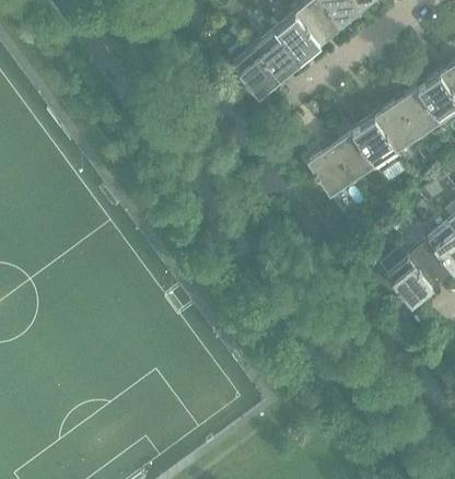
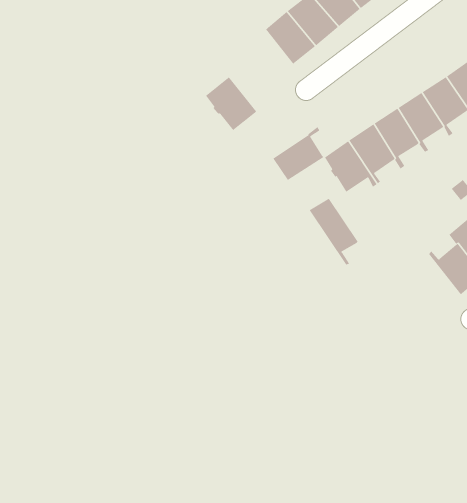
building: [233,47,280,96] -> [205,77,257,131]
building: none -> [273,126,324,181]
building: none -> [309,198,358,266]
building: [387,250,432,304] -> none

